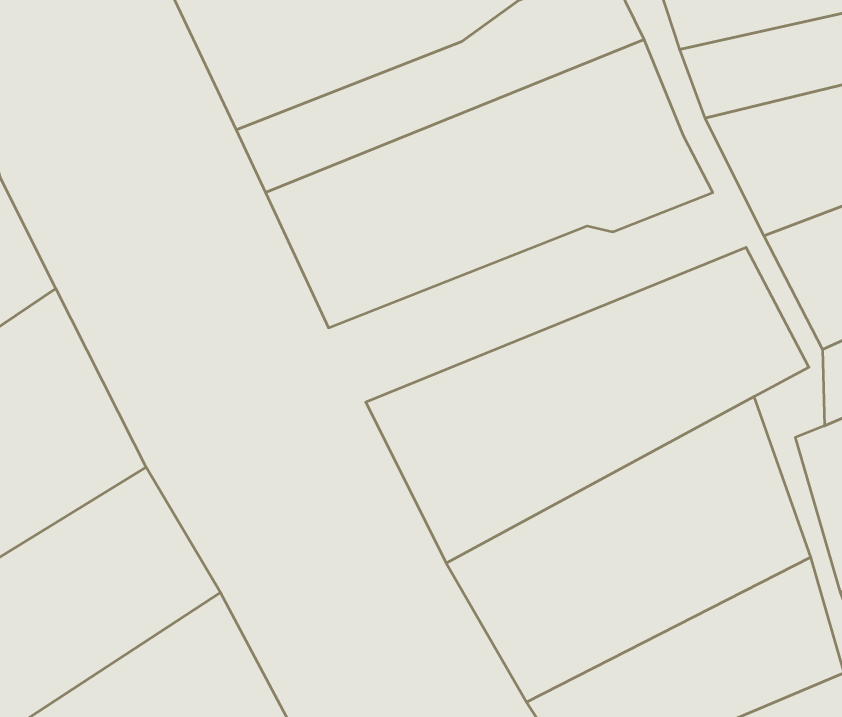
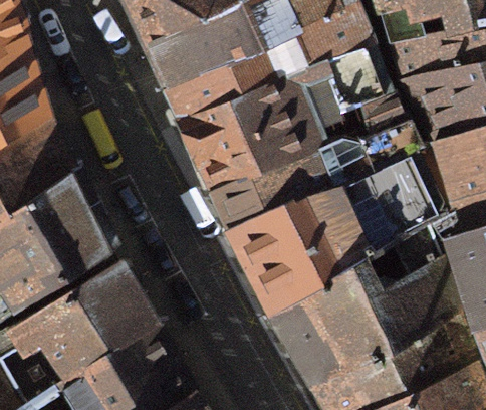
building: none -> [212,118,426,225]

